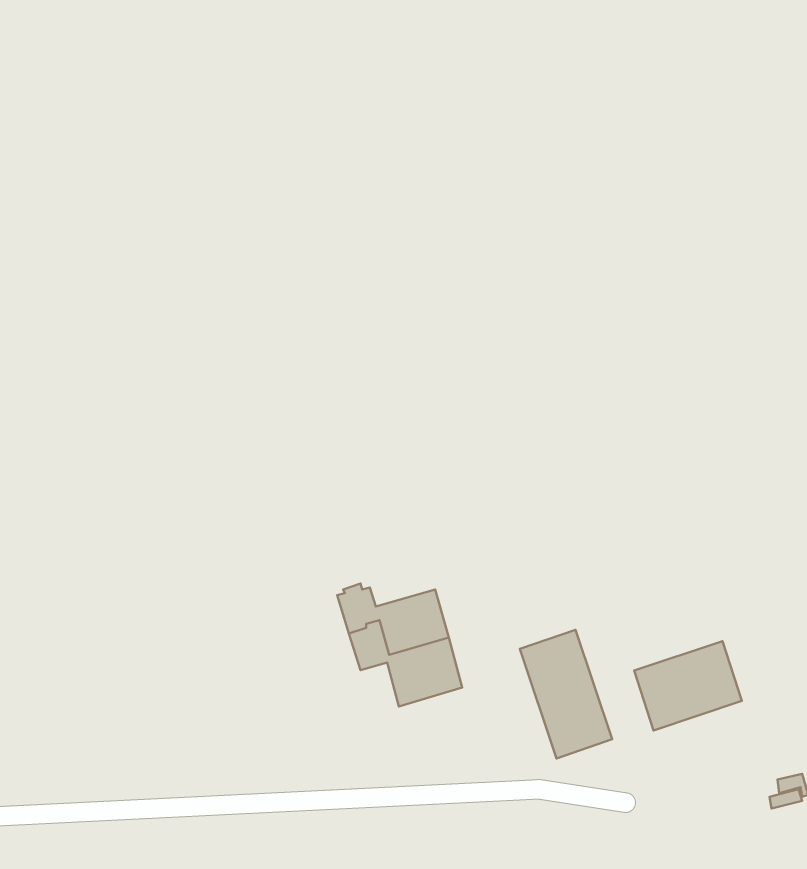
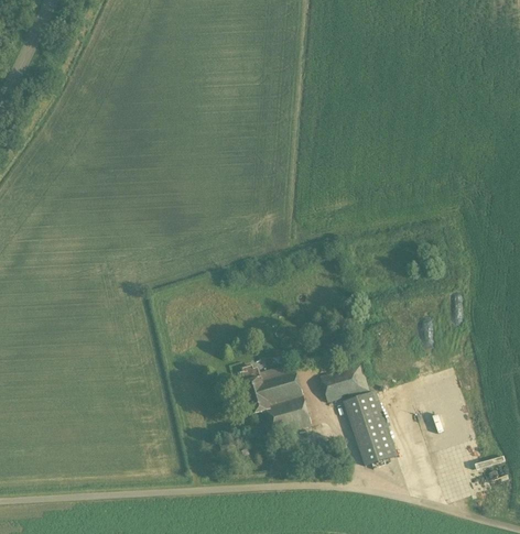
building: none -> [321,363,369,402]
building: [634,641,742,730] -> none

